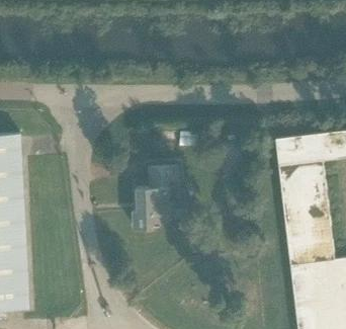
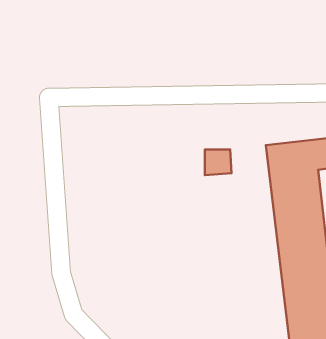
building: [133,166,178,228] -> none

